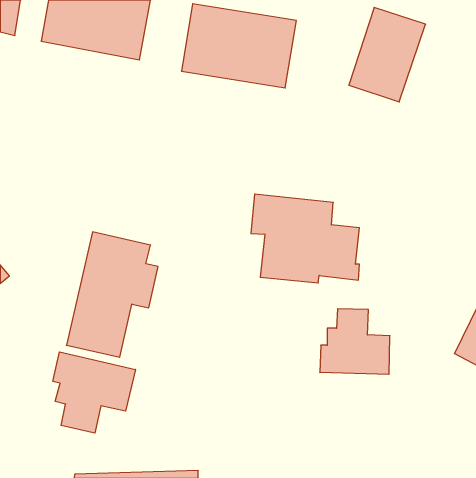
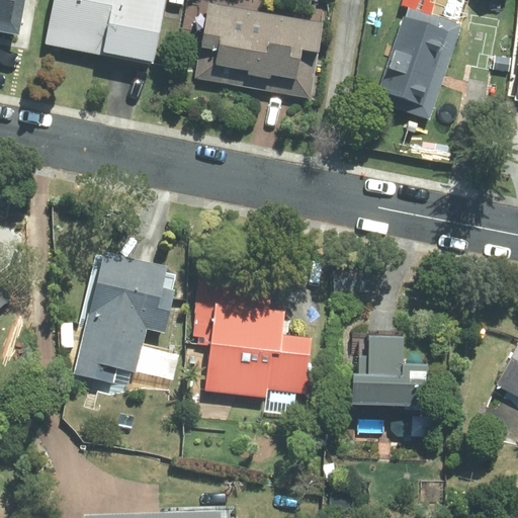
building: [251,194,359,283] -> [193,300,311,397]
building: [53,352,135,433] -> none

